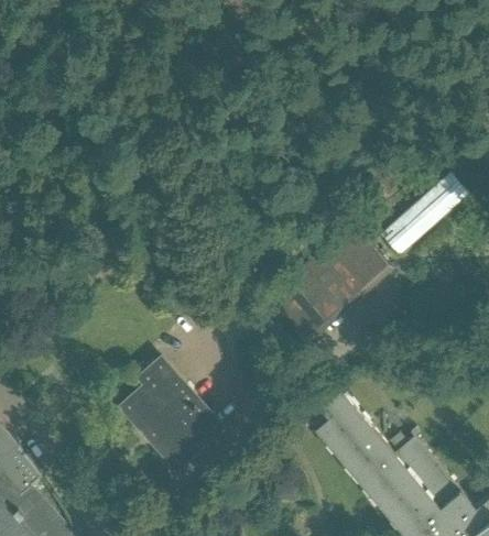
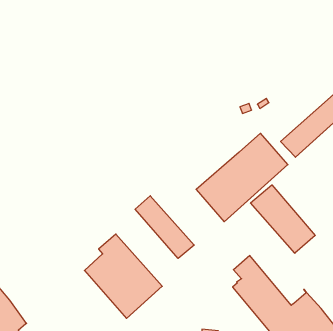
building: none -> [251,185,315,253]
building: none -> [135,196,194,258]

